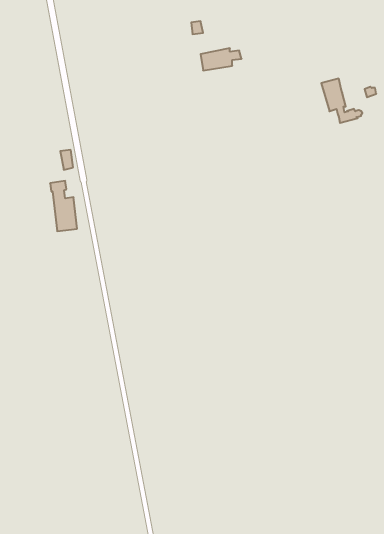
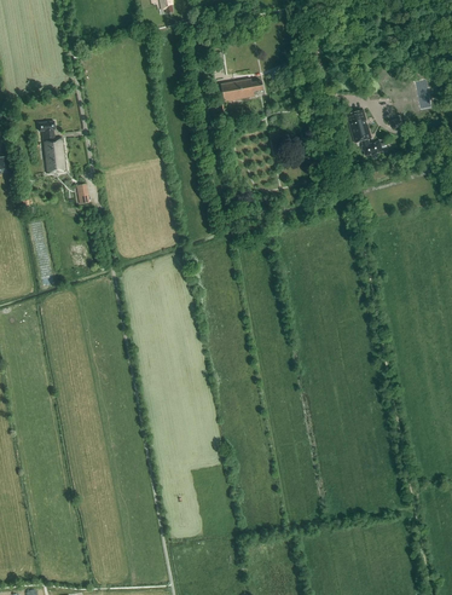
building: [50,181,77,231] -> [39,121,66,173]

